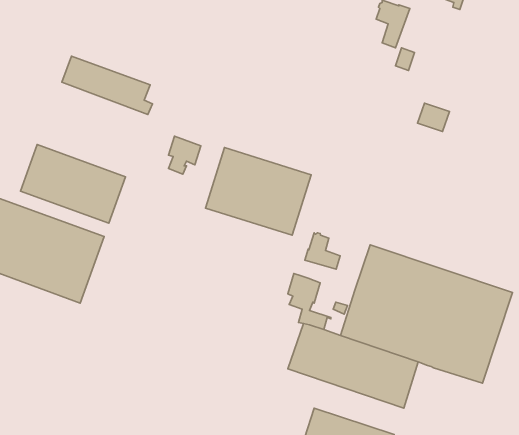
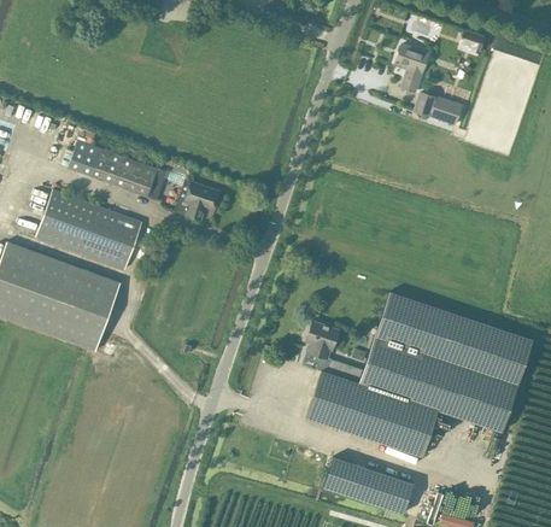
building: [62,56,153,115] -> [69,141,160,200]
building: [417,103,450,132] -> [429,96,462,125]
building: [205,148,311,235] -> none
building: [305,233,340,269] -> none

